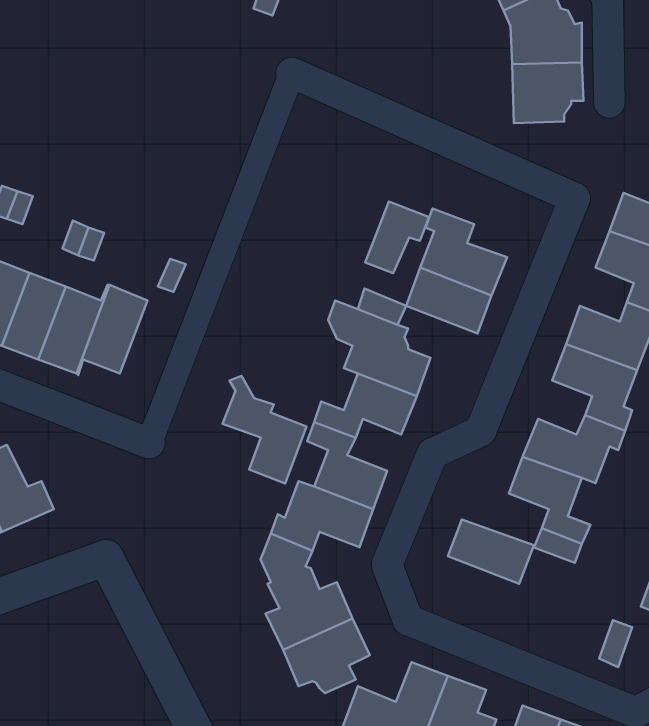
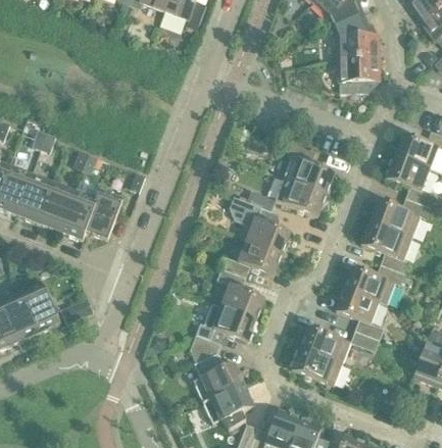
building: [365,202,429,273] -> none
building: [223,376,306,483] -> none
building: none -> [291,347,341,386]

